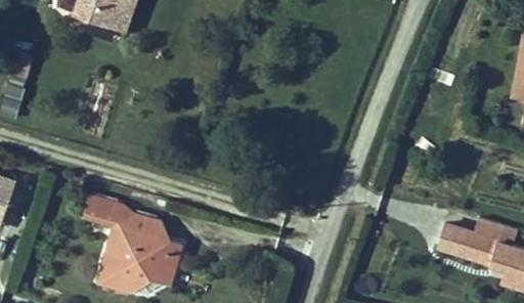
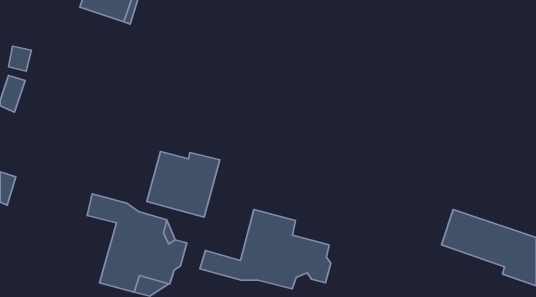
building: none -> [147,151,220,217]
building: none -> [200,209,331,289]

